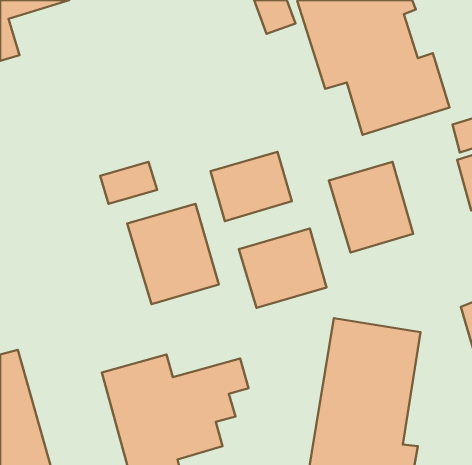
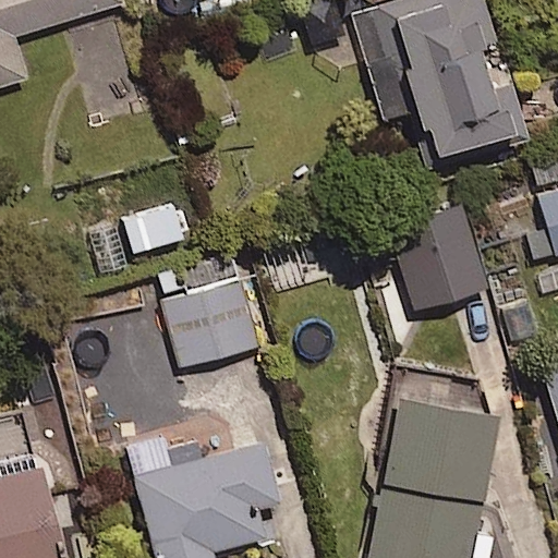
building: [210,152,292,221] -> none
building: [239,229,327,308] -> none

